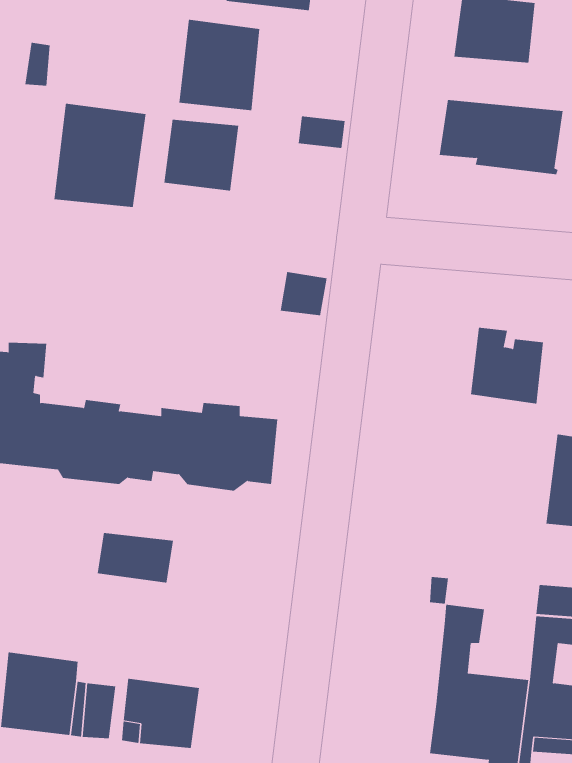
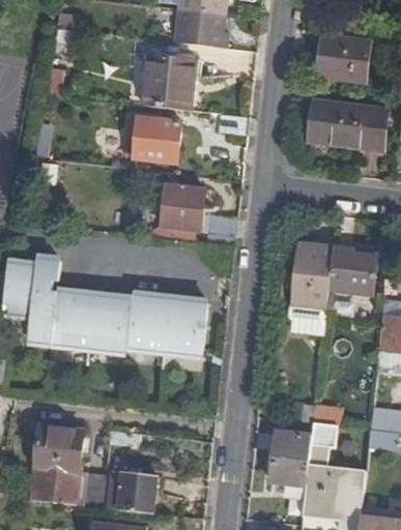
building: [54,103,146,208] -> none
building: none -> [161,183,204,229]
building: none -> [288,242,333,307]
building: [97,532,174,583] -> [35,425,84,458]
building: none -> [269,430,311,484]

